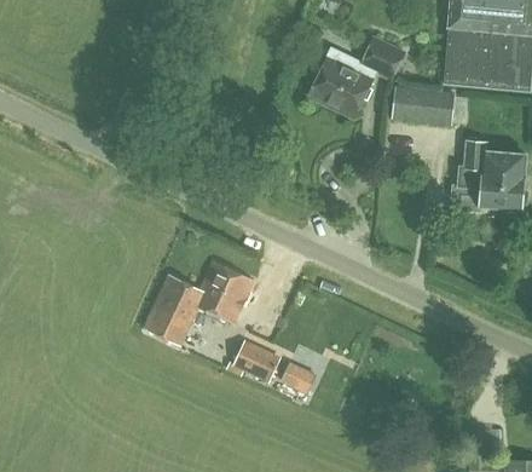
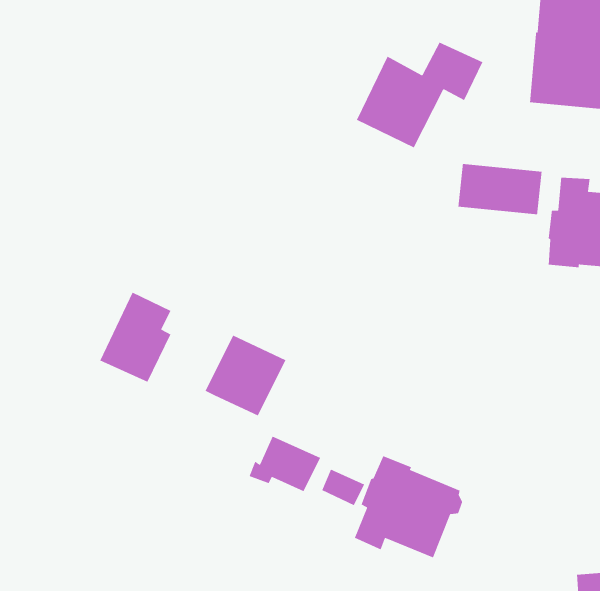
building: [391,85,456,125] -> [457,163,543,215]
building: [144,275,200,345] -> [99,292,172,383]
building: none -> [354,455,463,559]

